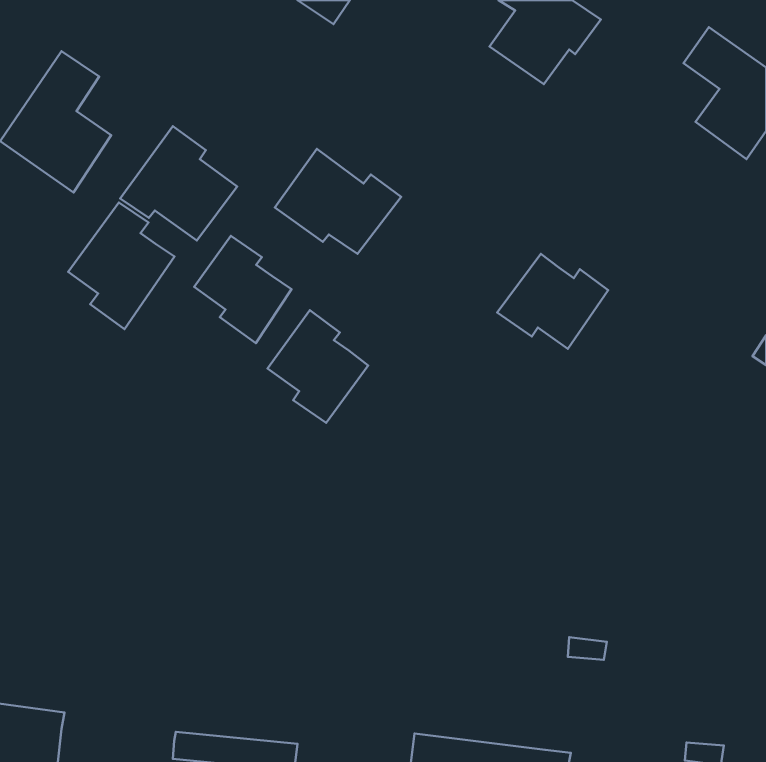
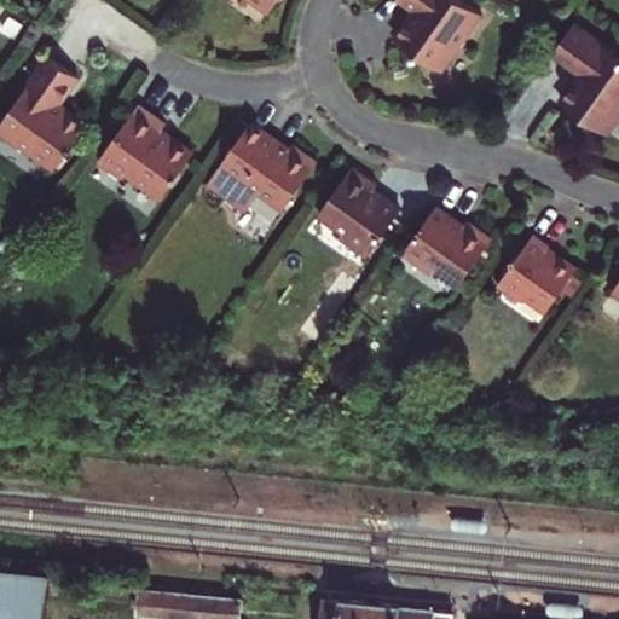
building: [68,202,175,329] -> none
building: [194,236,292,343] -> none
building: none -> [496,238,573,314]
building: [268,310,368,423] -> [310,177,391,267]

